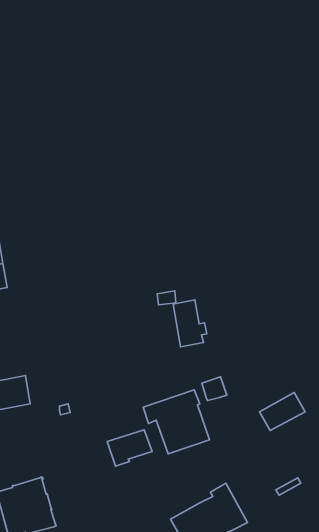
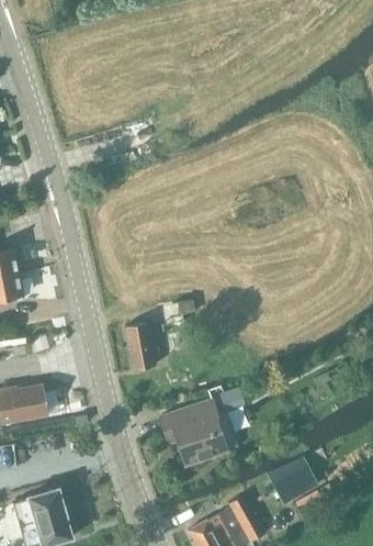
building: [173,300,207,347] -> [125,323,159,370]
building: [259,392,305,430] -> [272,465,318,503]
building: [107,430,152,466] -> none

